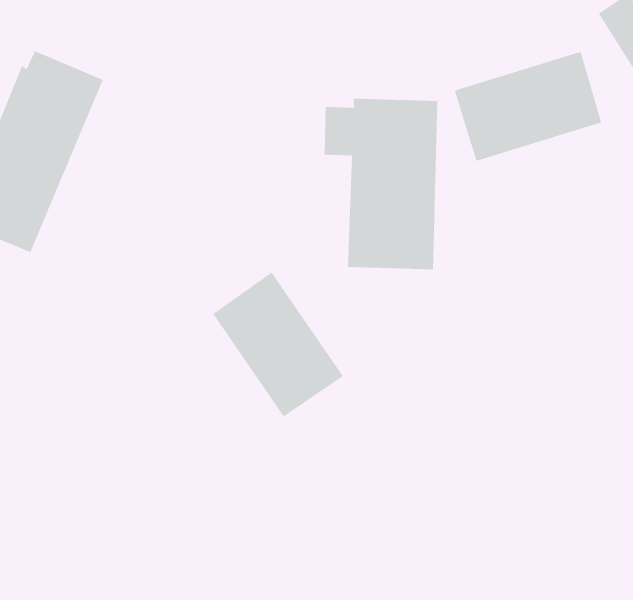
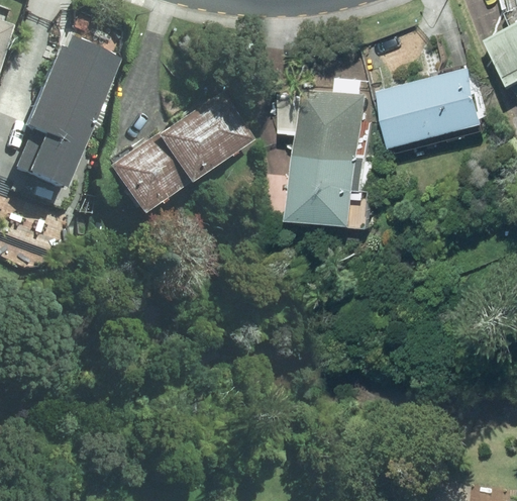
building: none -> [101,98,248,216]
building: [212,271,344,418] -> none

